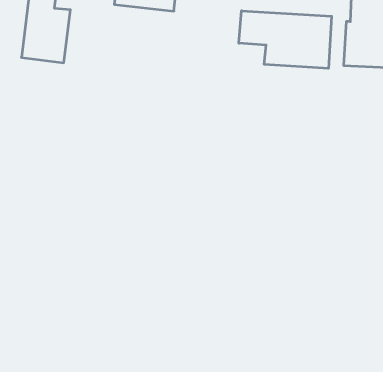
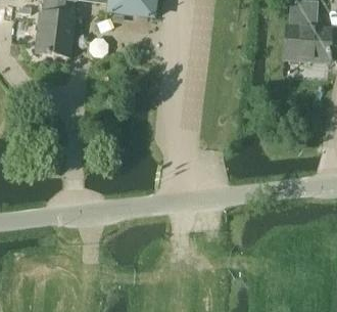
building: [239,11,332,68] -> none

